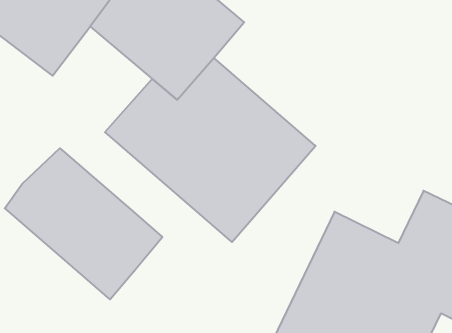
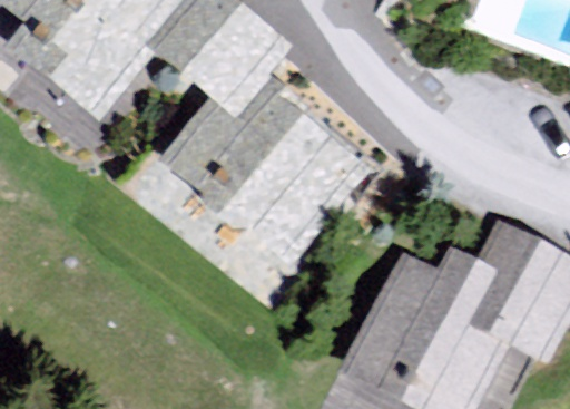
building: [5,148,162,299] -> none

